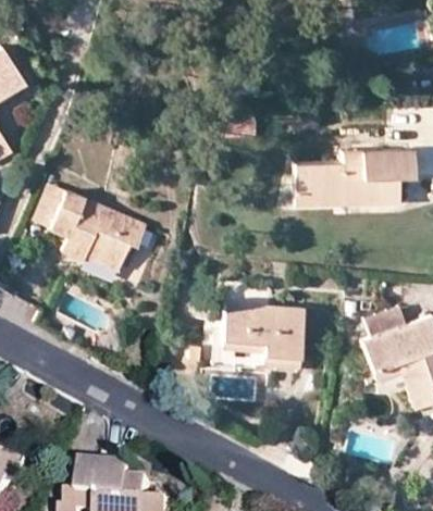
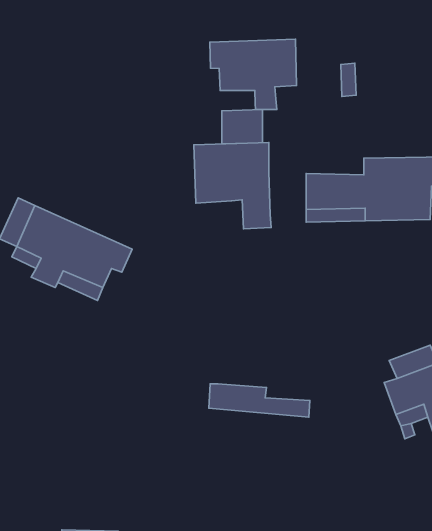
building: none -> [210,39,297,109]
building: none -> [194,143,271,229]
building: [222,299,304,356] -> none

